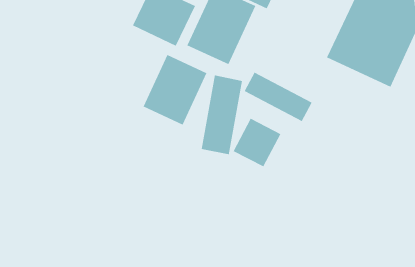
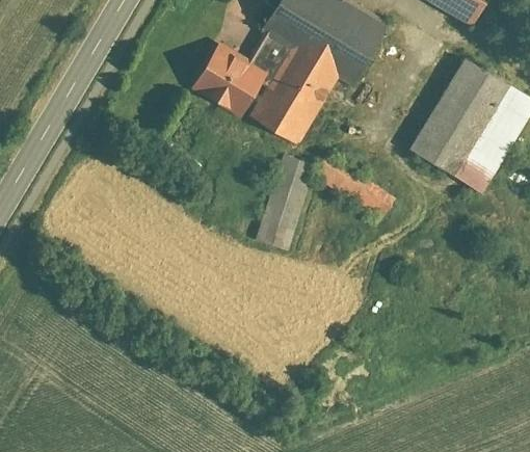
building: [143,54,207,126] -> none
building: [233,118,281,167] -> none

